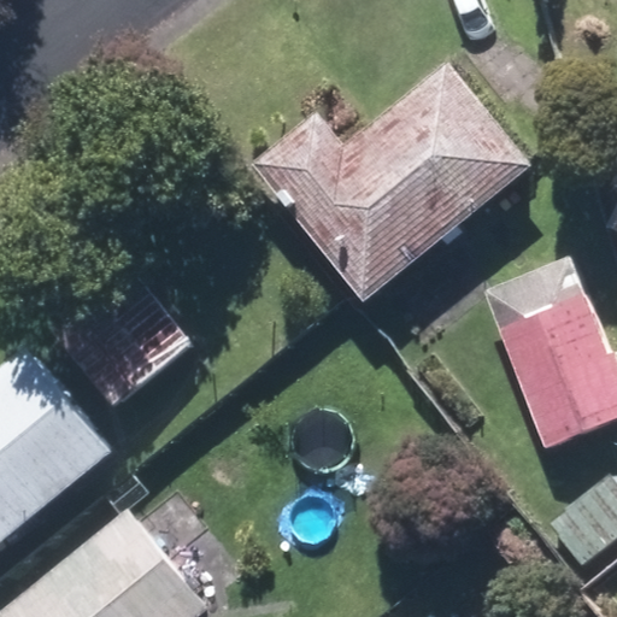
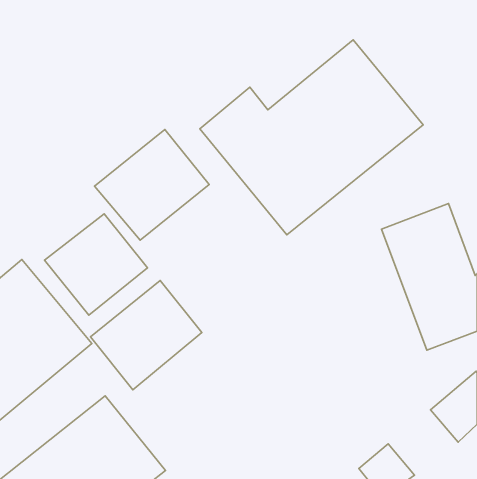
building: none -> [95,130,209,240]
building: none -> [90,281,202,390]

